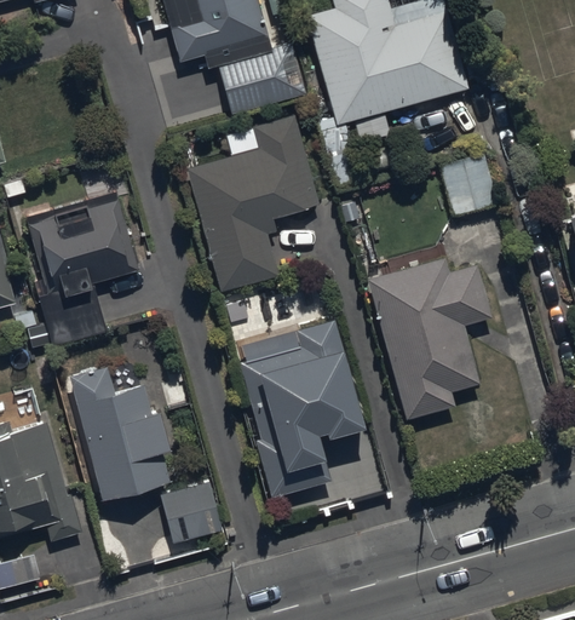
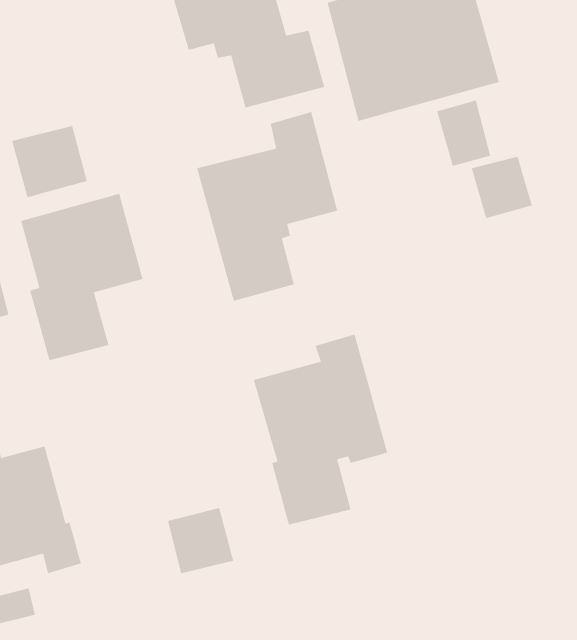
building: none -> [436,100,491,167]
building: none -> [11,125,88,198]
building: [367,257,493,420] -> none
building: [70,366,169,499] -> none

